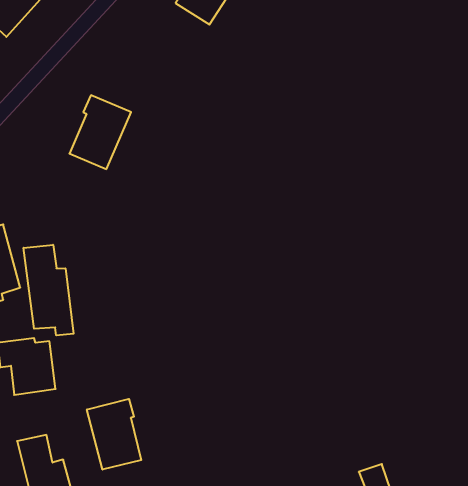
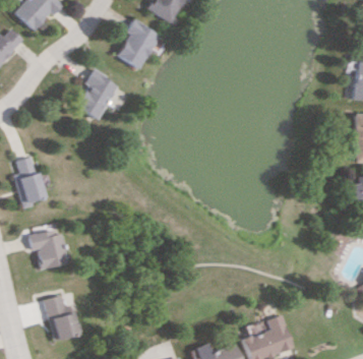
building: none -> [116,19,159,69]
building: [24,245,74,335] -> none
building: [87,399,141,470] -> none

